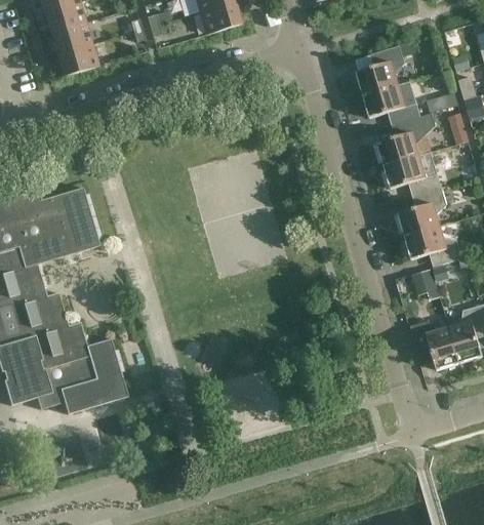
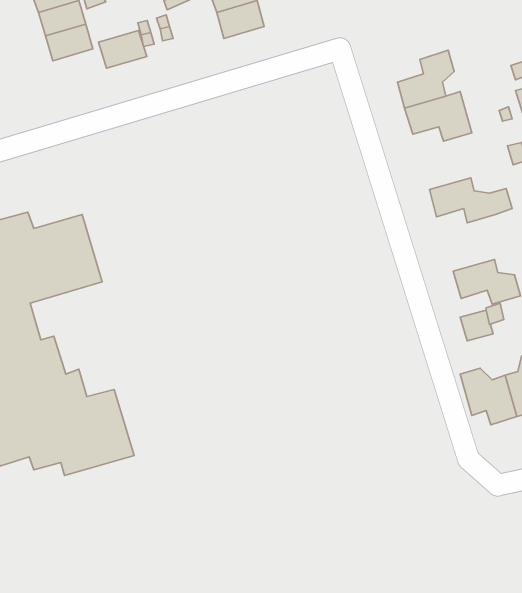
building: [56,43,98,76] -> [98,31,147,68]
building: [376,112,436,165] -> none
building: [398,187,447,236] -> none

